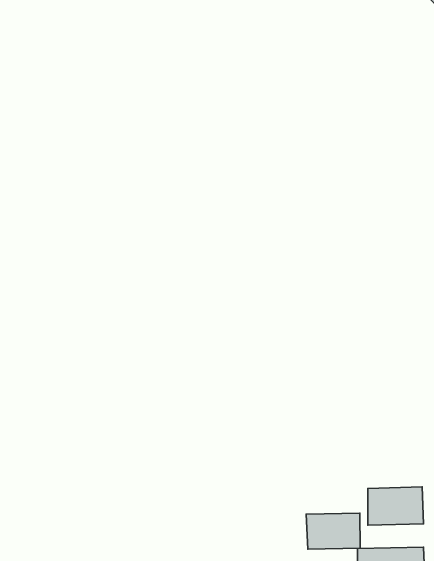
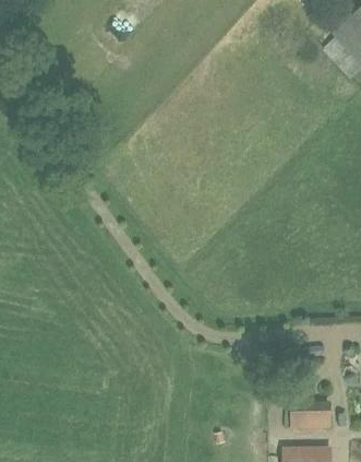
building: [306,513,360,549] -> none

